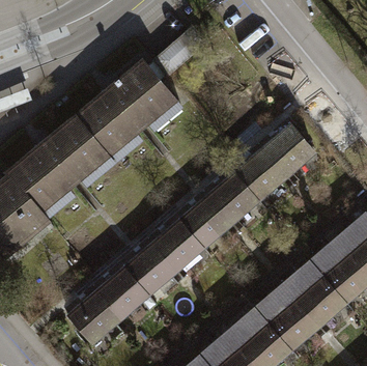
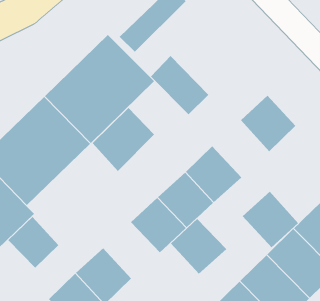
building: none -> [150,55,209,115]
building: none -> [92,107,155,172]
building: [234,149,289,205] -> [242,191,299,248]
building: none -> [7,216,59,268]
building: [121,242,176,297] -> [170,218,227,275]

